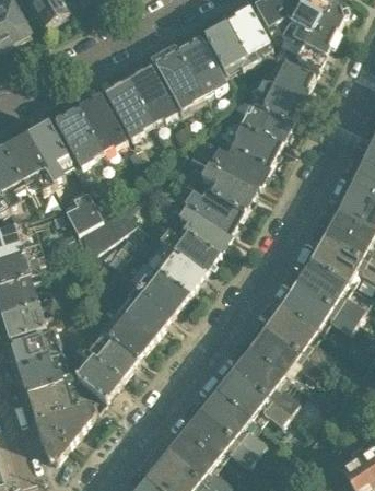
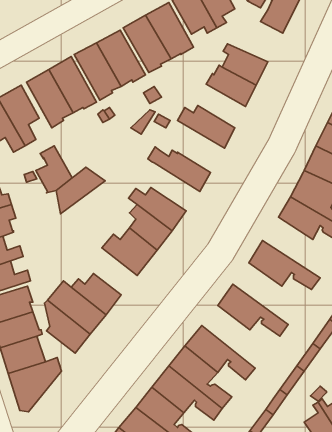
building: [260,57,313,97] -> none
building: [230,120,279,165] -> none
building: [200,161,255,211] -> none
building: [177,201,232,250] -> none
building: [296,257,363,319] -> none
building: [122,289,167,337] -> none
building: [266,304,331,367] -> none
building: [234,348,297,412] -> none

